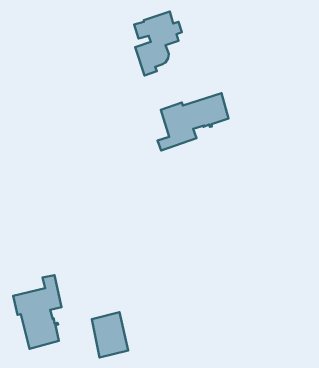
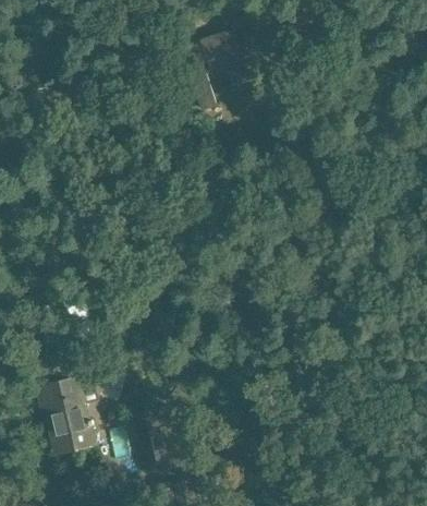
building: [158,93,229,150] -> none

